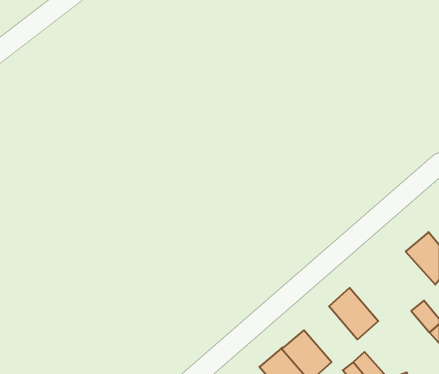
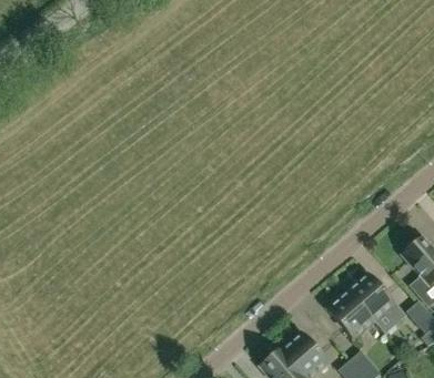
building: none -> [345,273,394,323]

